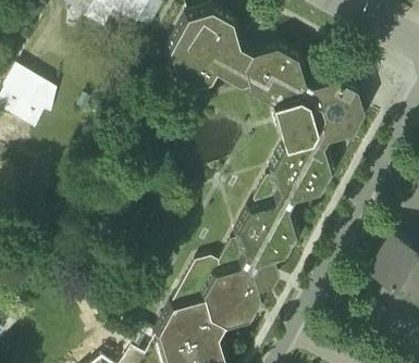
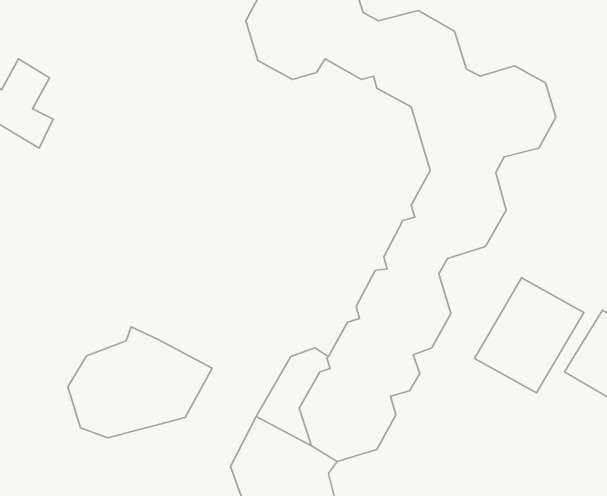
building: none -> [474,278,584,393]
building: none -> [68,327,212,438]

